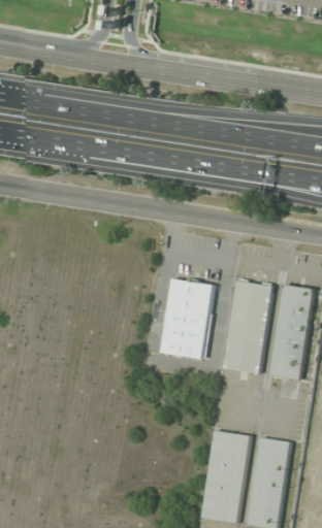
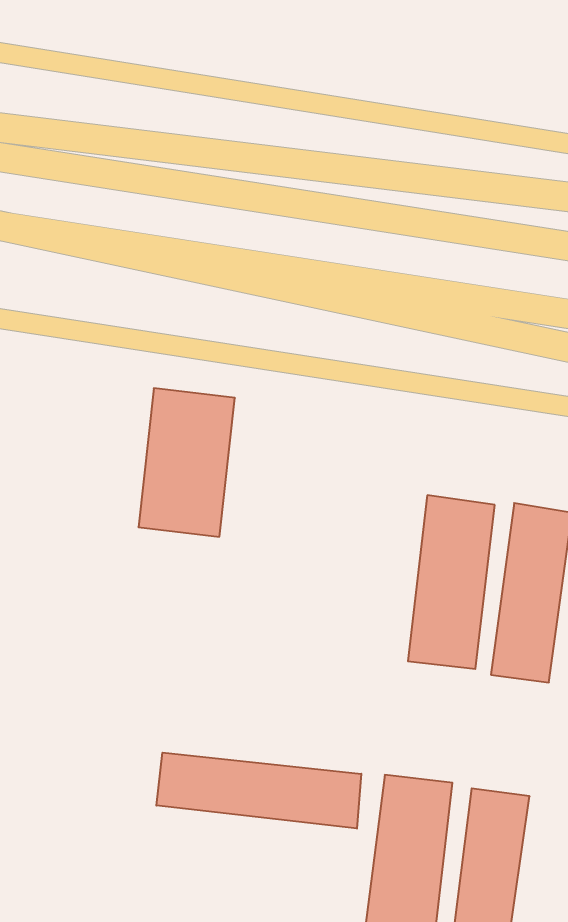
building: [162,279,214,359] -> [138,388,235,537]
building: none -> [156,753,361,829]

